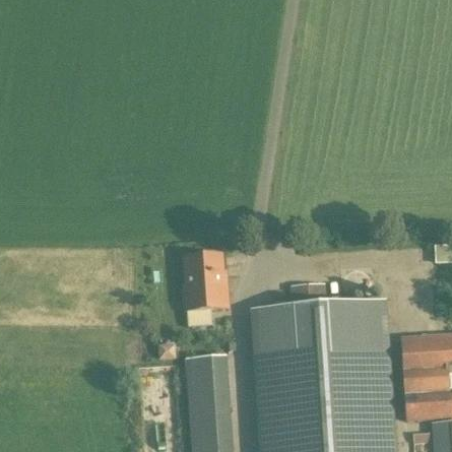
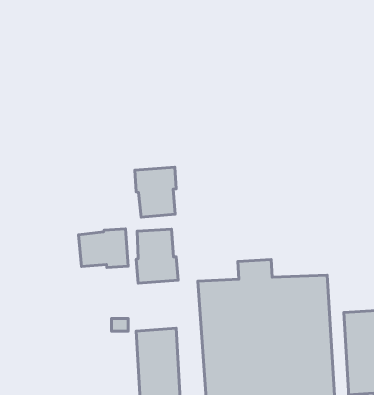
building: none -> [135,167,176,217]
building: none -> [79,229,128,267]

